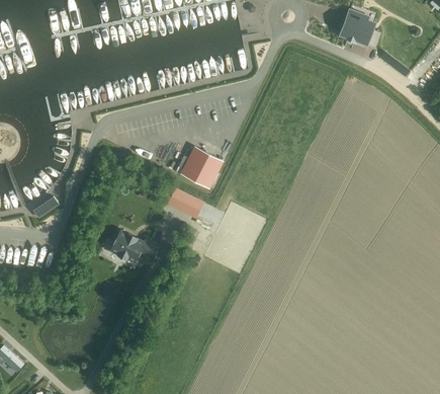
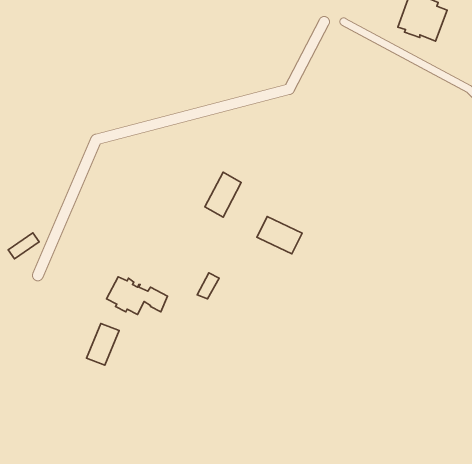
building: [168,188,203,218] -> [257,216,302,254]
building: none -> [86,324,119,365]

